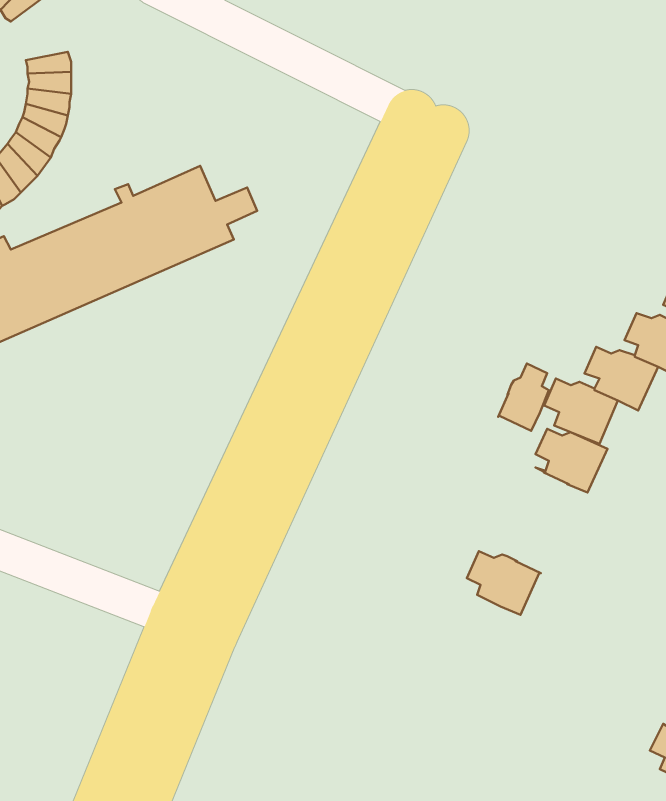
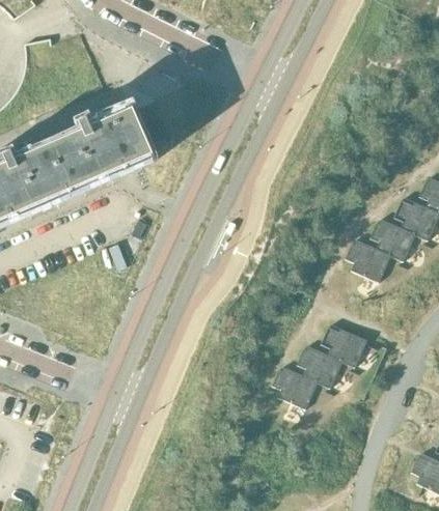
building: [498,364,549,431] -> none
building: [535,429,608,493] -> [323,327,367,366]
building: none -> [273,368,319,407]

